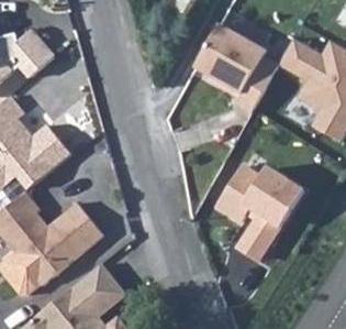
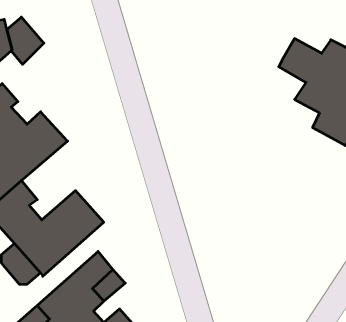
building: [190,32,280,119] -> none
building: [210,167,298,267] -> none

